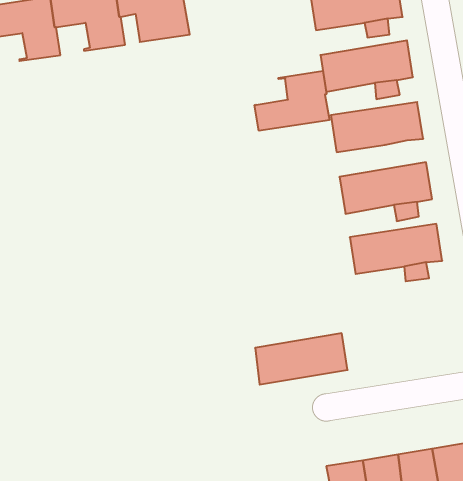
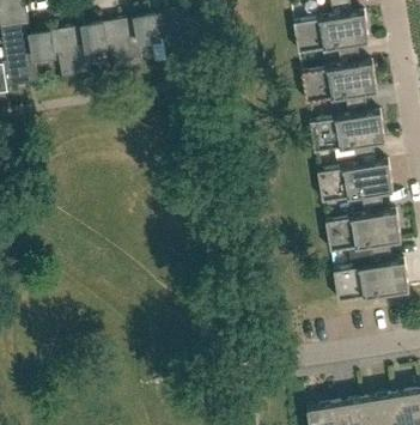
building: [255,71,329,131] -> none
building: [255,333,348,385] -> [334,260,409,302]

